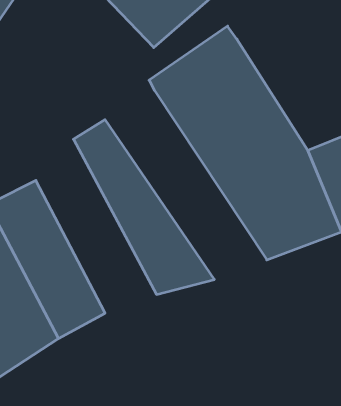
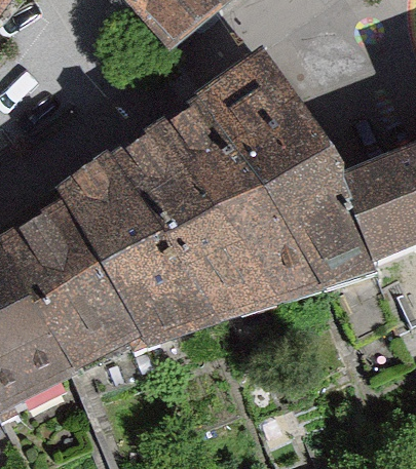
building: none -> [122,106,300,313]
building: none -> [46,159,179,350]

